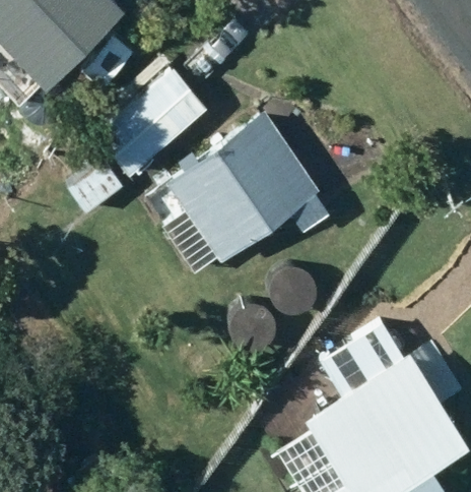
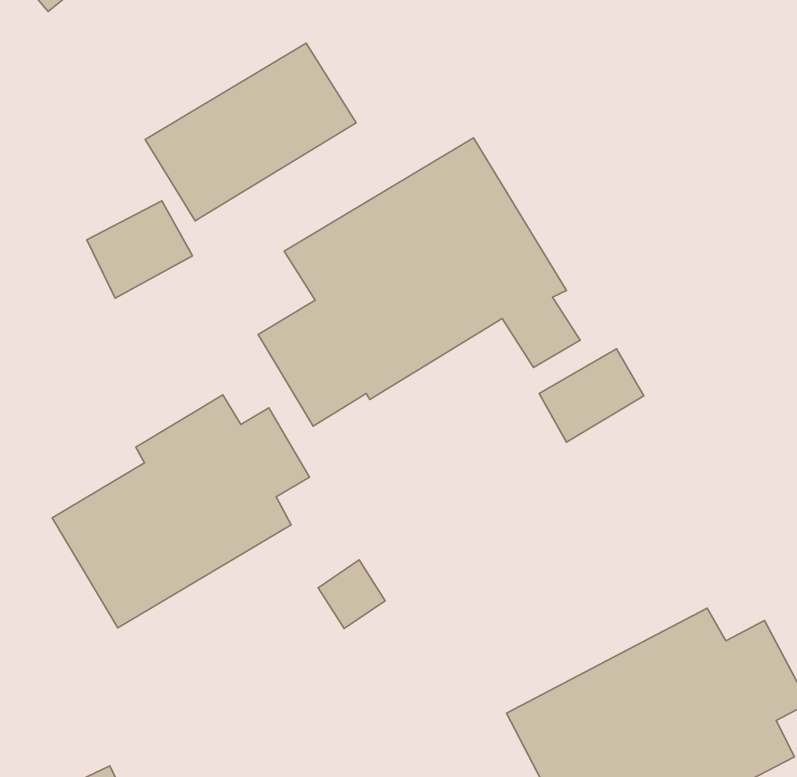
building: none -> [52,395,309,628]

